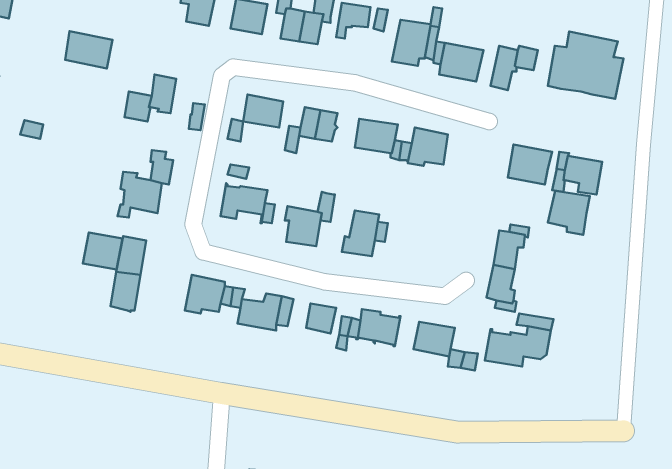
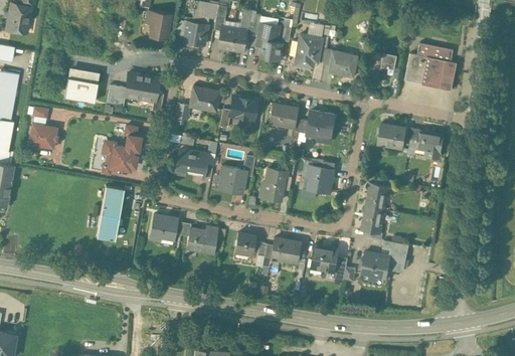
building: none -> [260,40,283,61]
building: [65,31,112,68] -> [64,77,98,104]
building: none -> [139,76,158,103]
building: none -> [29,125,56,149]
building: [548,191,590,235] -> none
building: none -> [306,166,335,195]
building: [83,232,122,270] -> none

